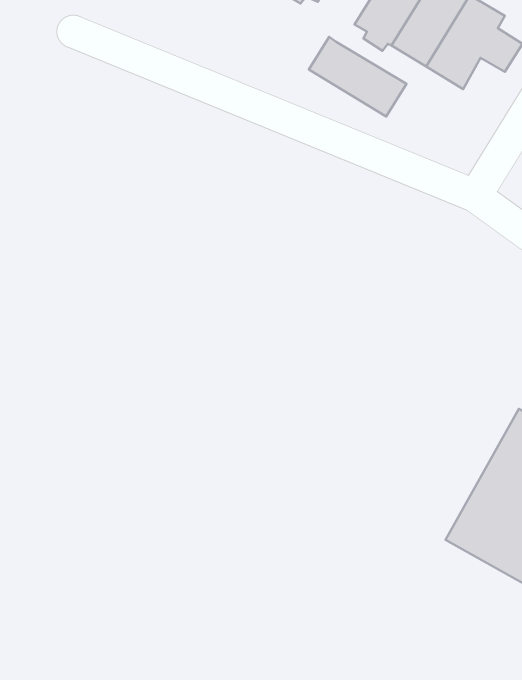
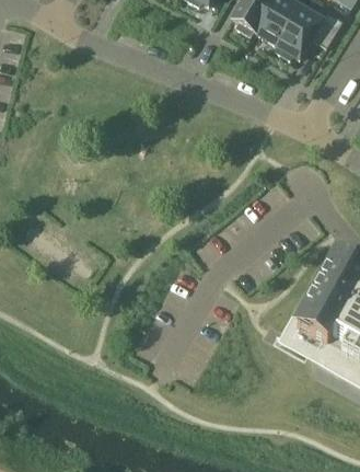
building: [309,37,406,117] -> none

